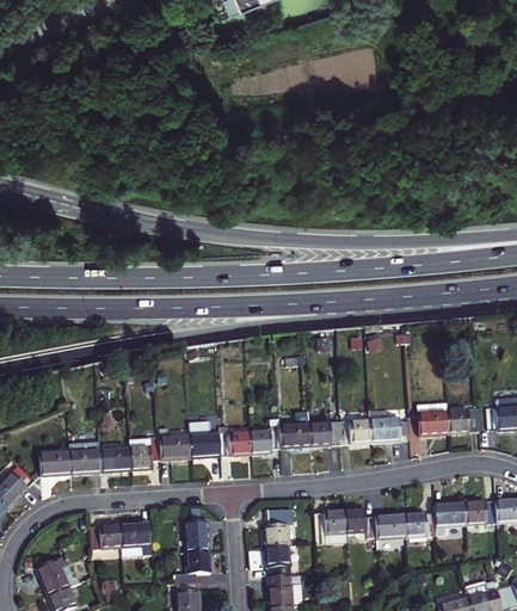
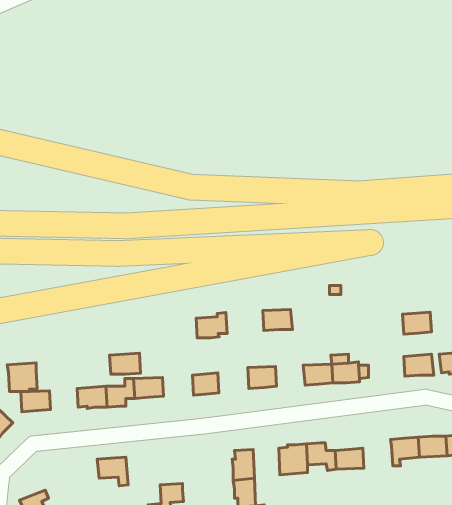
building: [420,413,451,437] -> [403,312,431,334]
building: [312,422,344,445] -> [263,309,293,330]
building: [250,425,283,452] -> [196,312,227,338]
building: [190,433,223,456] -> [110,353,141,374]
building: [67,439,99,470] -> [7,363,37,391]
building: [406,510,438,533] -> none
building: [185,518,211,551] -> none
building: [88,524,122,547] -> none

